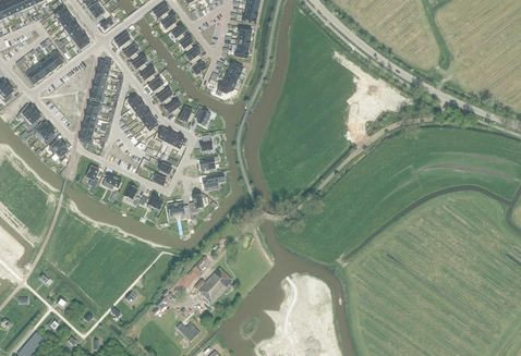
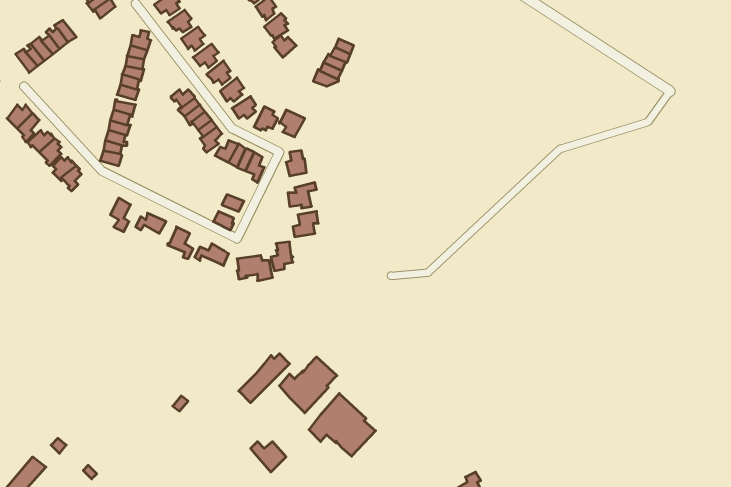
building: none -> [309,393,376,456]

